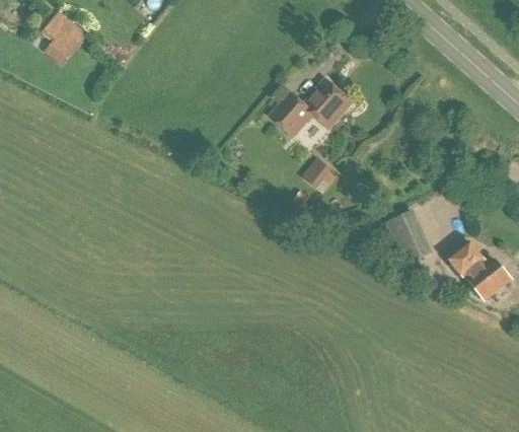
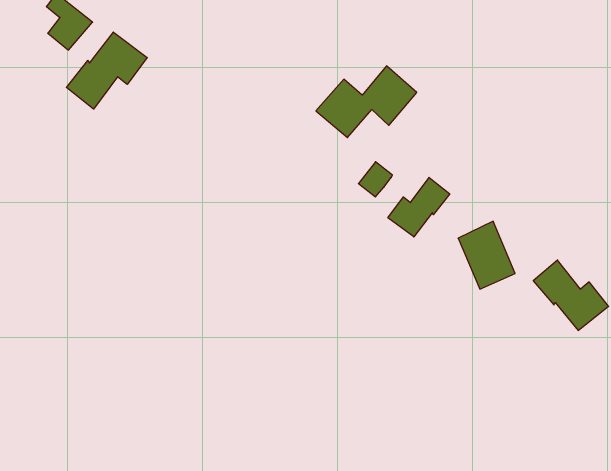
building: none -> [66,32,147,109]
building: none -> [388,177,450,237]

